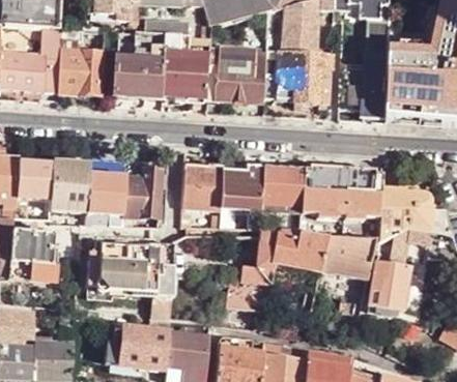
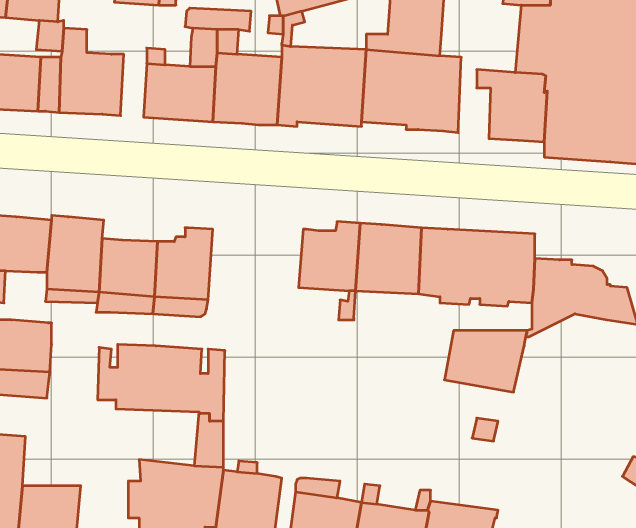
building: [183,164,225,209] -> none
building: [374,226,430,255] -> none
building: [228,229,326,311] -> none
building: [367,260,411,312] -> none

